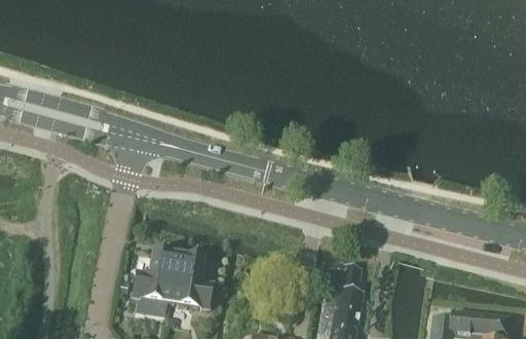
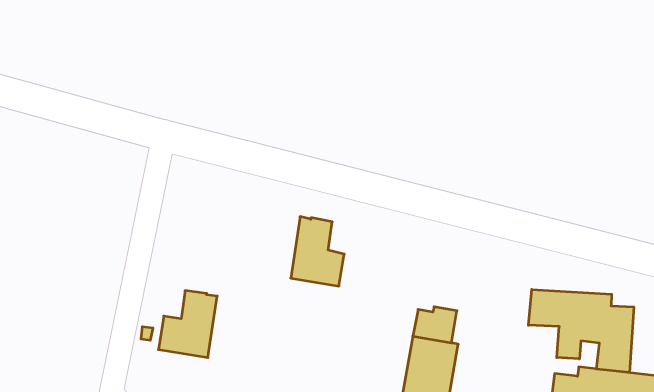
building: none -> [528,289,634,372]
building: [170,257,211,310] -> [291,217,344,286]

